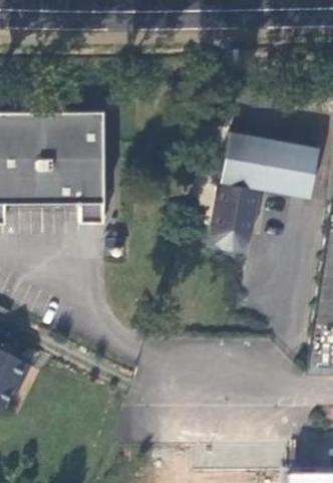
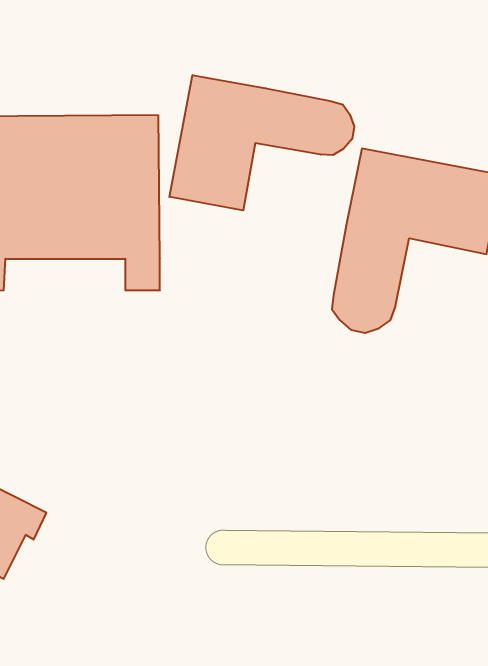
building: none -> [169,75,354,210]

